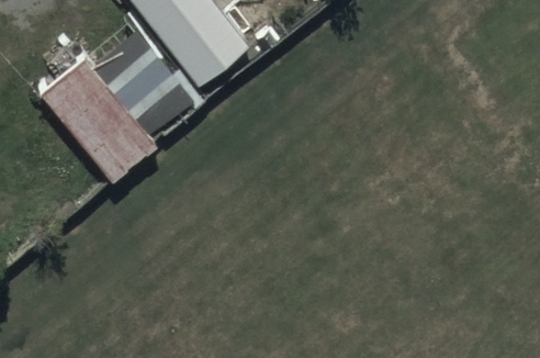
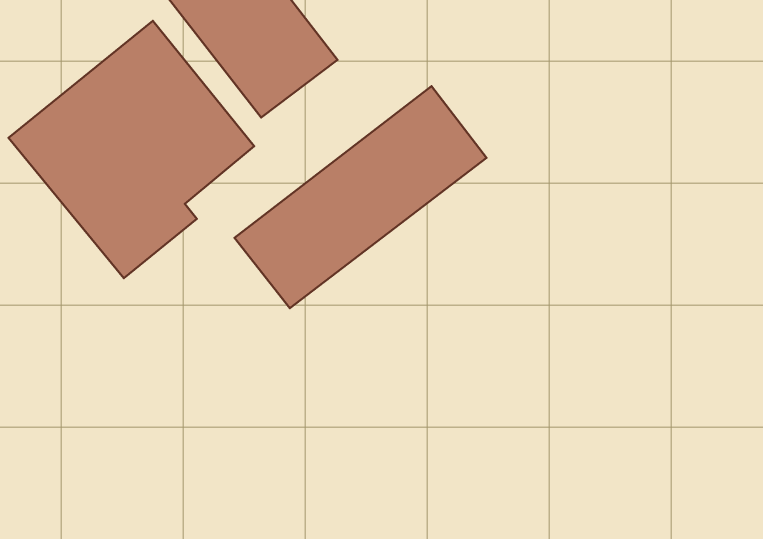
building: none -> [235,86,486,308]

